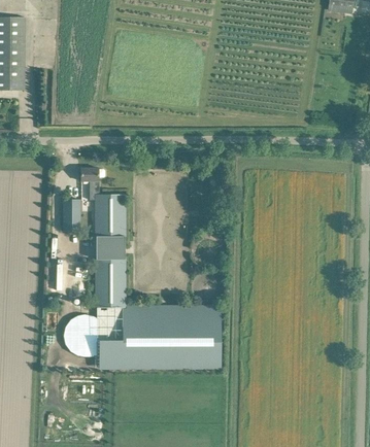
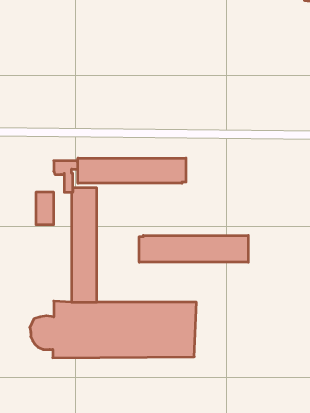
building: none -> [78,158,186,183]
building: none -> [139,235,248,262]

